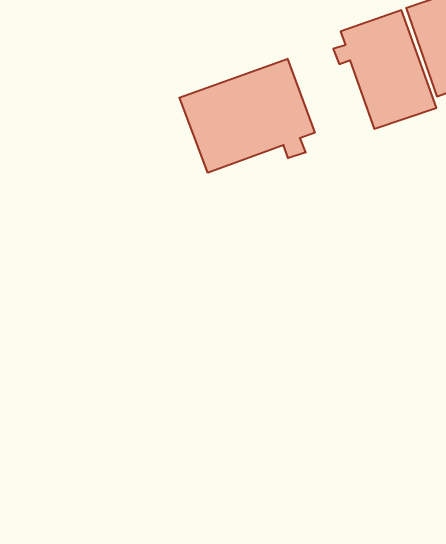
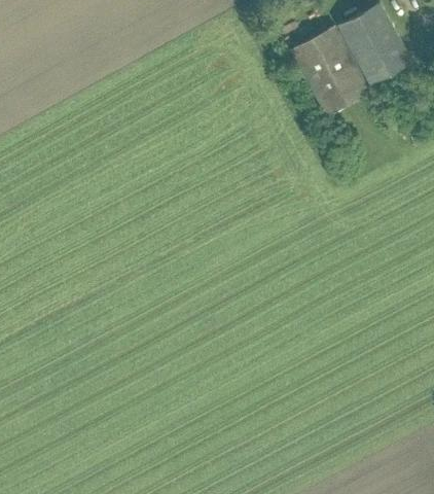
building: [179,59,315,173] -> none

